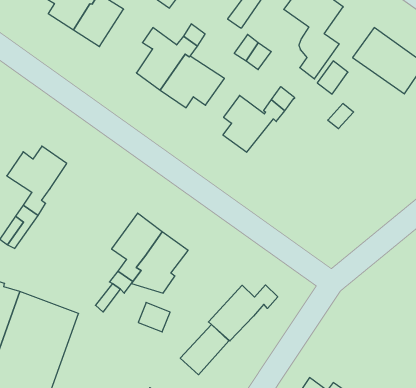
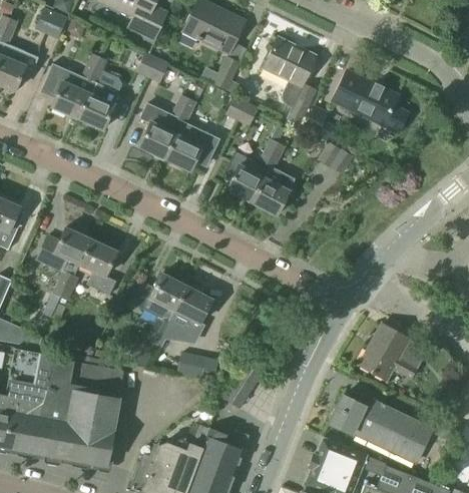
building: none -> [251,167,296,215]
building: none -> [79,238,116,295]
building: [208,285,278,341] -> none
building: none -> [359,324,417,379]

